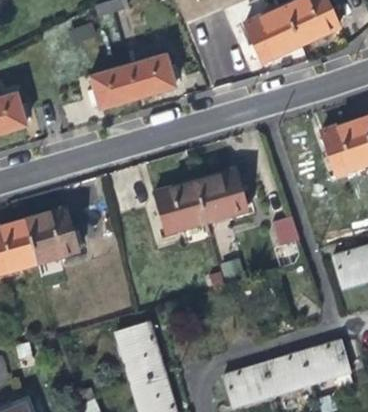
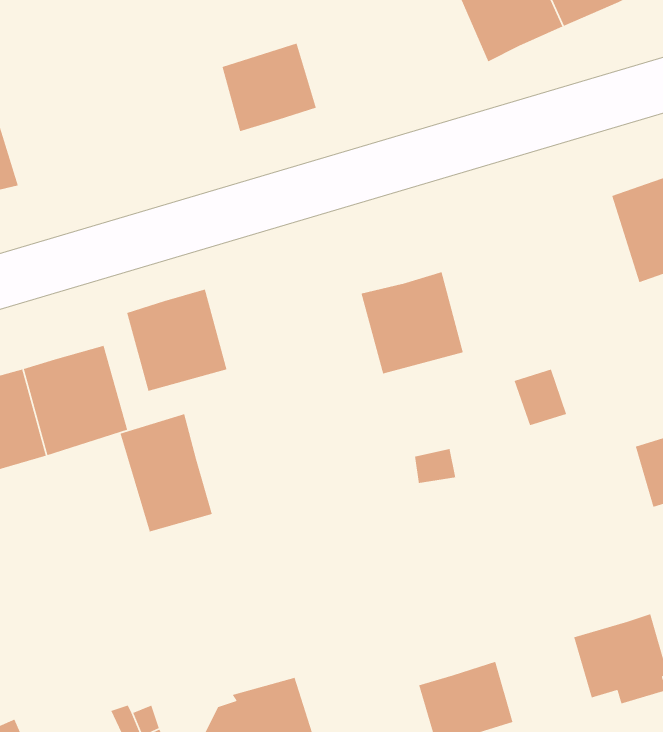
building: [88,66,135,110] -> none
building: [156,180,207,232] -> [126,288,227,392]
building: [116,322,163,382] -> [119,413,213,532]
building: [264,353,312,396] -> none

